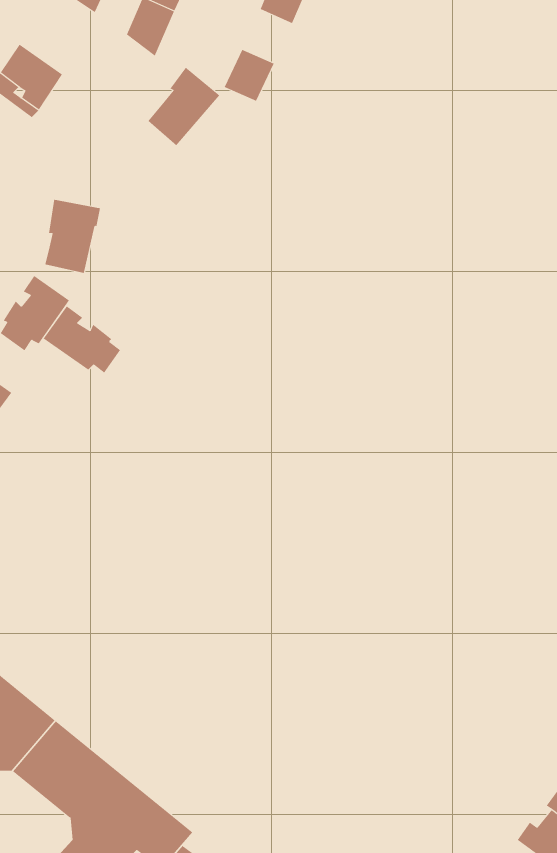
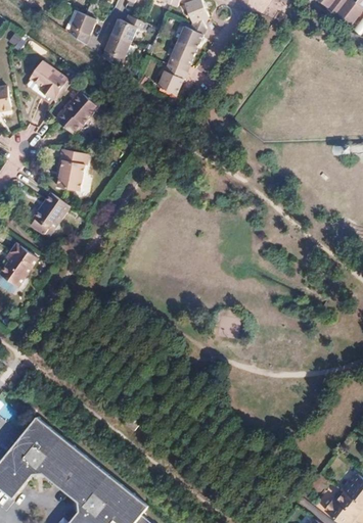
building: none -> [168,41,196,72]
building: [148,67,220,146] -> [57,90,98,135]
building: [43,305,121,373] -> none

